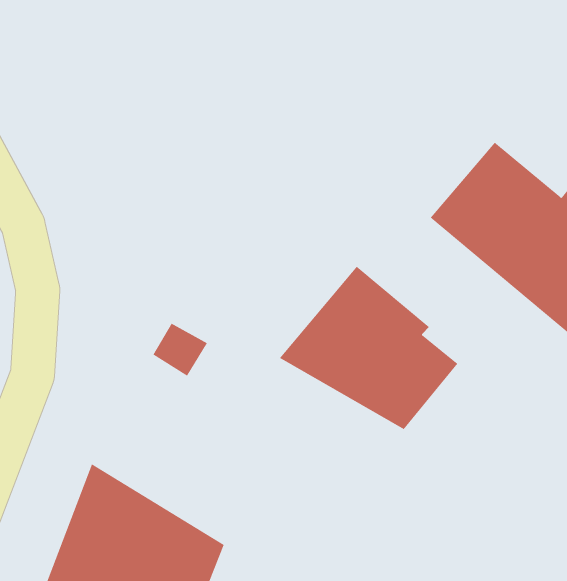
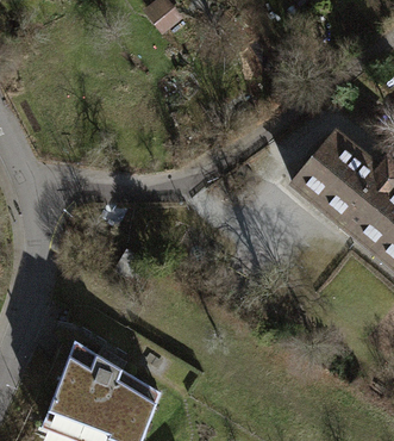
building: [279,266,458,430] -> none

